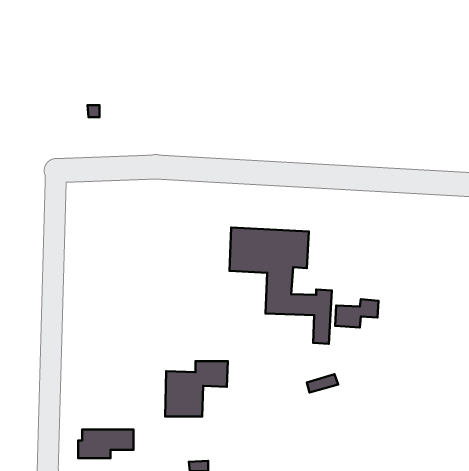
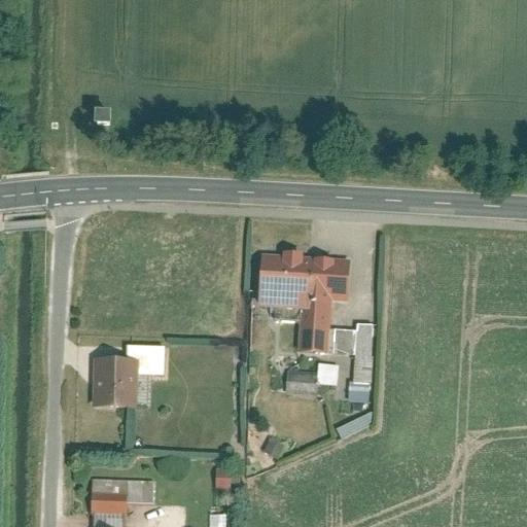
building: [335,299,378,328] -> [287,363,336,395]
building: [165,361,228,416] -> [93,345,163,407]

